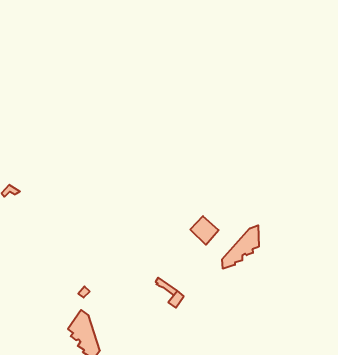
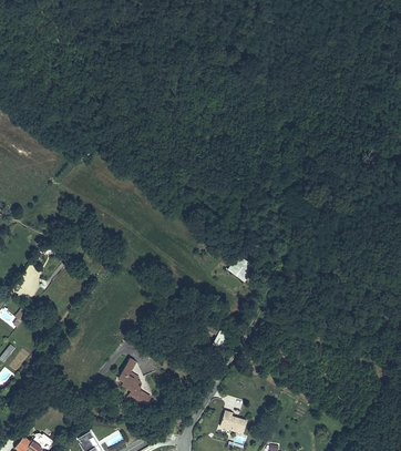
building: [222,225,259,269] -> none

